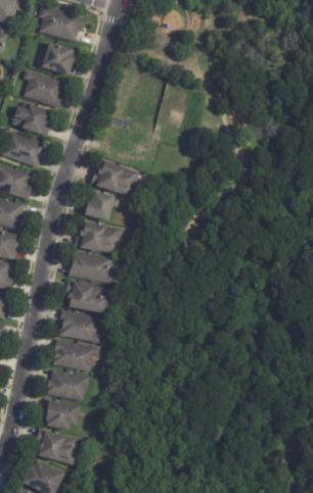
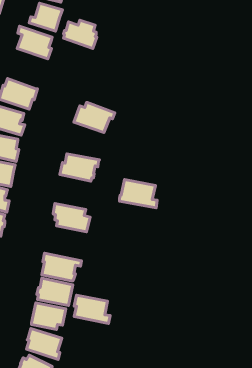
building: [11,102,51,136] -> [63,20,97,48]
building: [81,190,119,220] -> none
building: [69,250,114,284] -> [119,180,157,208]
building: [58,309,101,343] -> [74,295,110,323]

